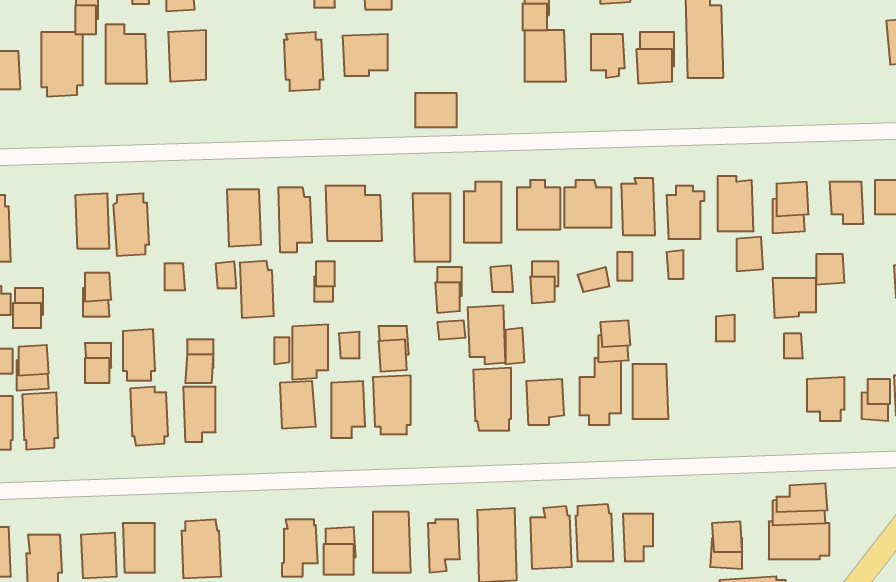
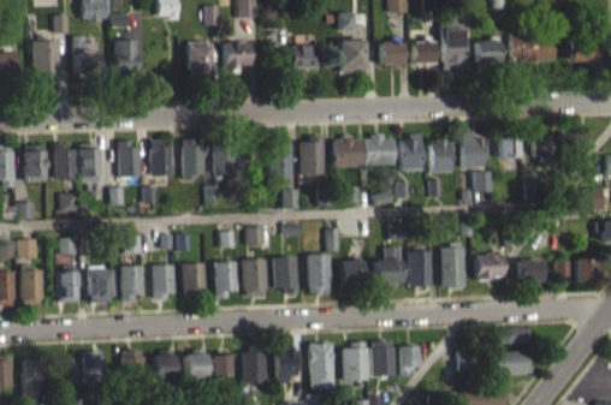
building: none -> [510,32,554,61]
building: none -> [476,41,499,67]
building: [415,93,457,127] -> [291,46,318,67]
building: none -> [24,150,46,181]
building: [240,261,274,318] -> [119,141,141,177]
building: [773,278,816,318] -> [475,255,503,280]
building: [468,305,505,364] -> [274,256,298,293]
building: [292,325,328,380] -> [153,264,176,299]
building: [123,329,155,380] -> [59,270,79,303]
building: none -> [440,248,464,287]
building: none -> [154,355,177,379]

